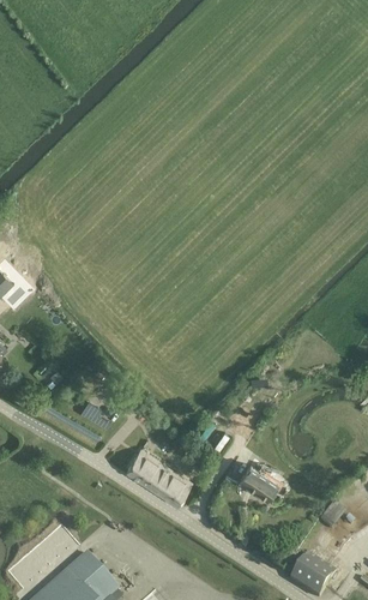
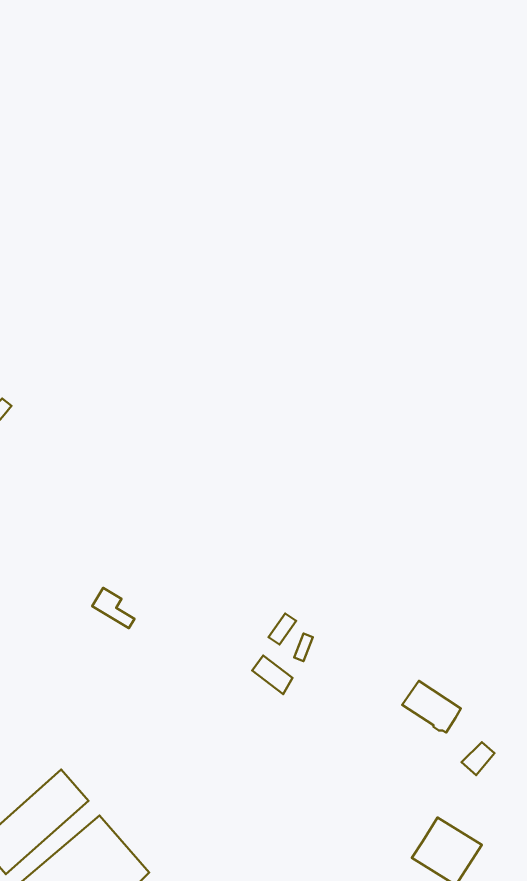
building: [127,452,193,506] -> none
building: [240,467,278,500] -> [402,681,461,732]

